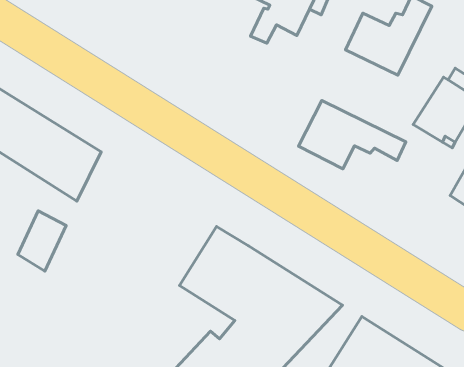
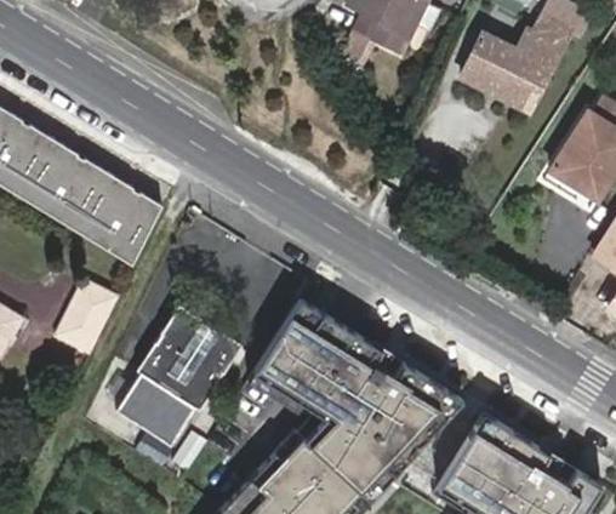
building: [298,100,406,169] -> none
building: none -> [118,303,241,442]

